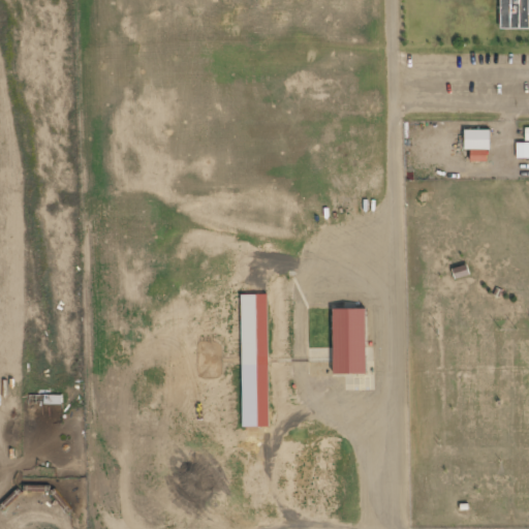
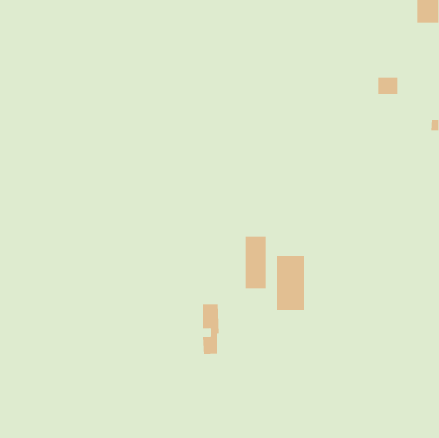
building: [465,129,490,150] -> [377,77,398,94]
building: [241,293,267,356] -> [245,236,266,289]

